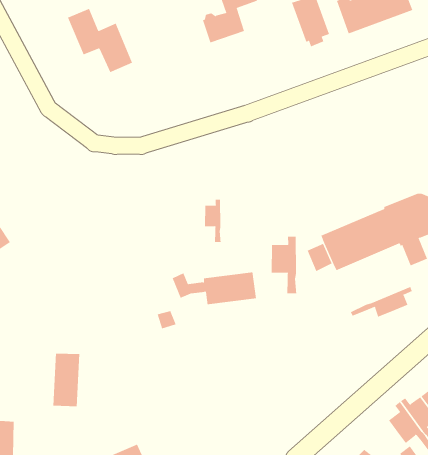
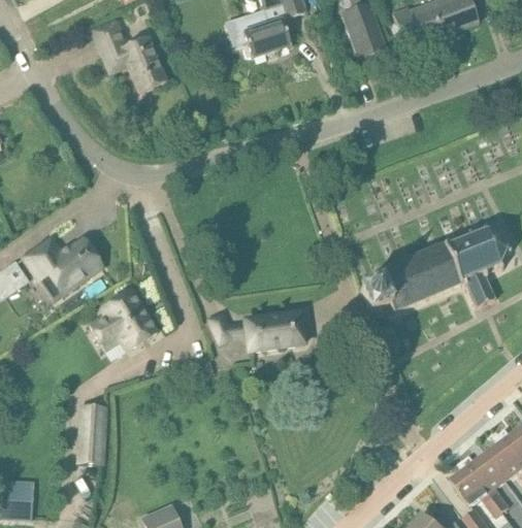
building: [204,199,221,243] -> none
building: none -> [23,236,103,293]
building: [271,236,297,294] -> none
building: none -> [89,289,158,351]
building: [350,286,412,317] -> none

